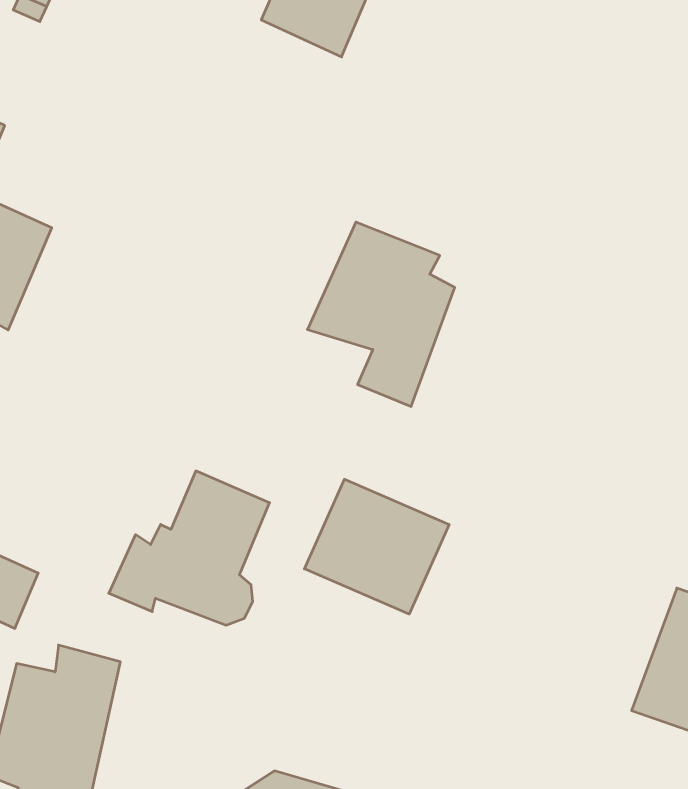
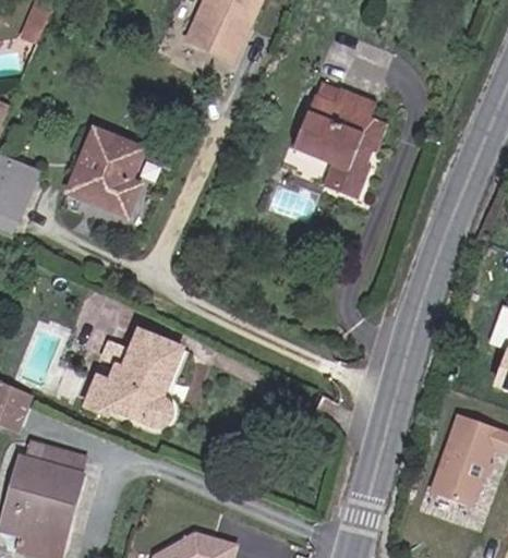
building: none -> [66,126,147,221]
building: [307,222,455,406] -> [292,82,388,202]
building: [304,479,449,614] -> none

